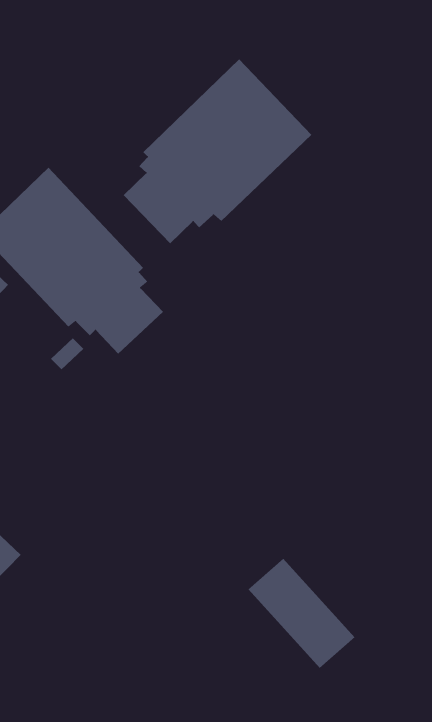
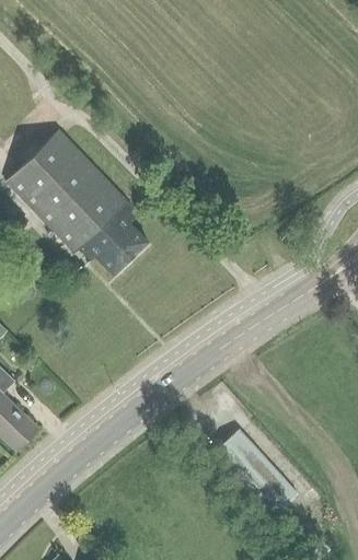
building: [123,58,312,244] -> none

